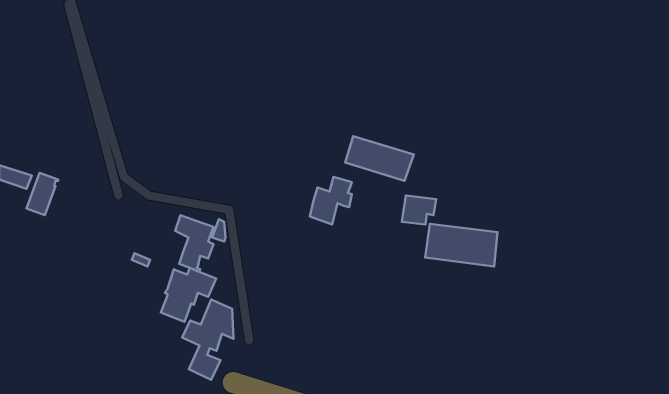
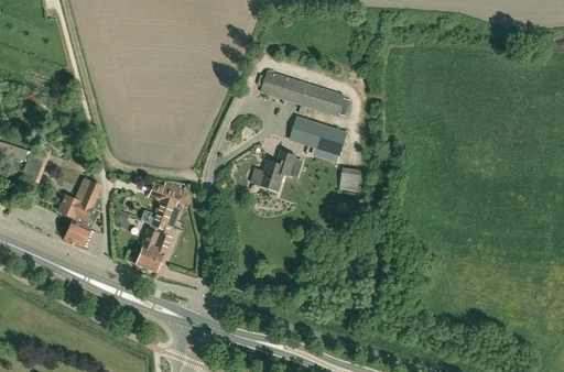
building: none -> [260,70,344,116]
building: [425,224,498,267] -> none
building: [182,299,234,380] -> [58,178,101,245]

